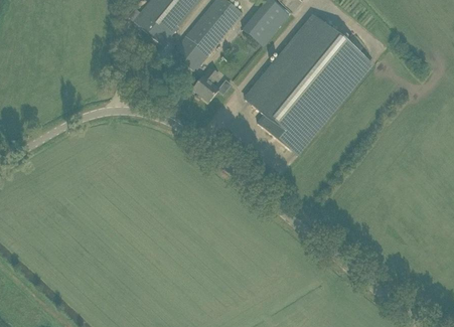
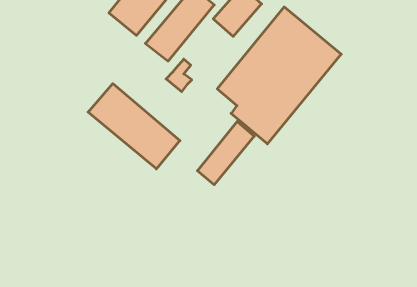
building: none -> [88,84,180,169]
building: none -> [197,121,254,185]

